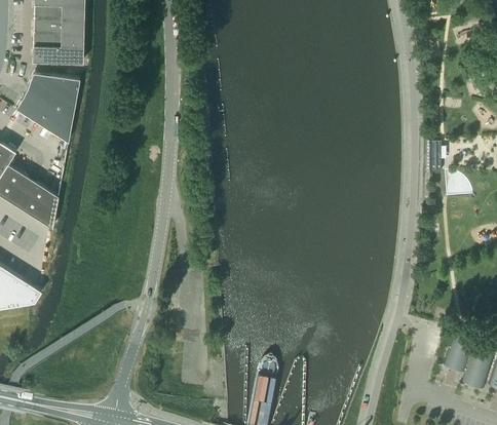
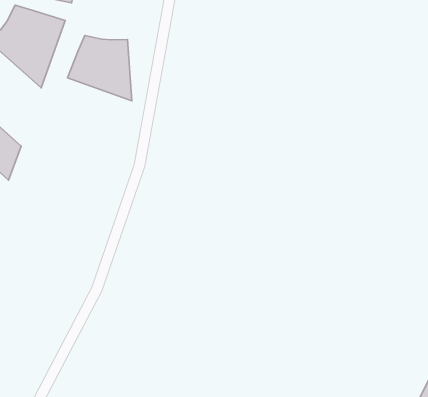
building: none -> [67,36,132,101]

